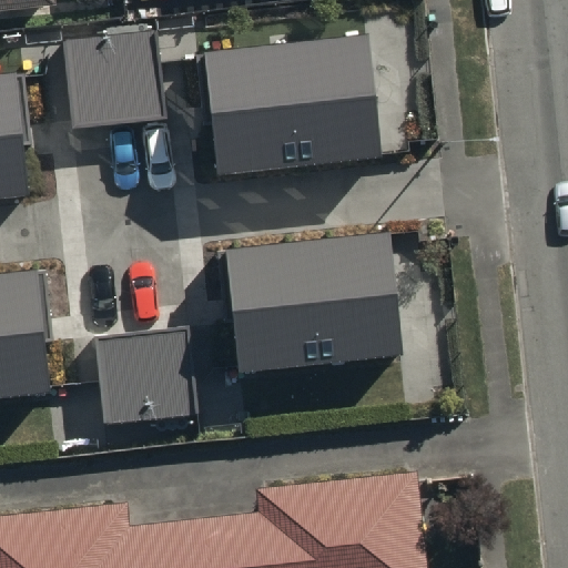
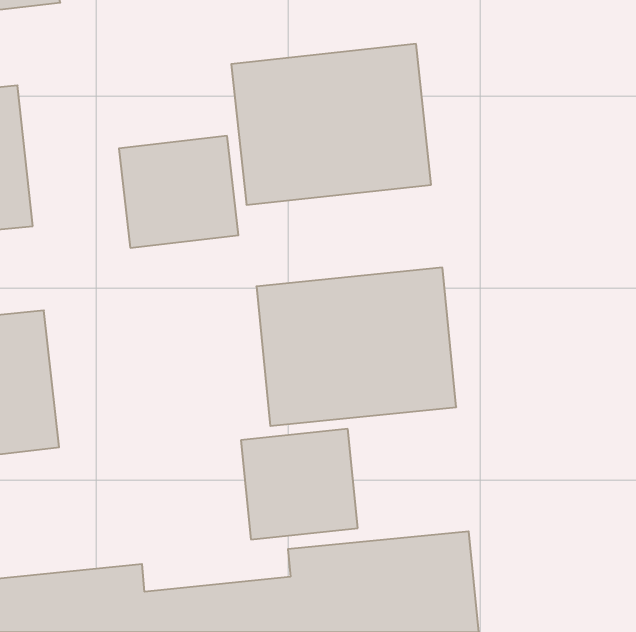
building: [60,29,165,128] -> [119,136,238,248]
building: [92,326,195,424] -> [241,429,358,539]

